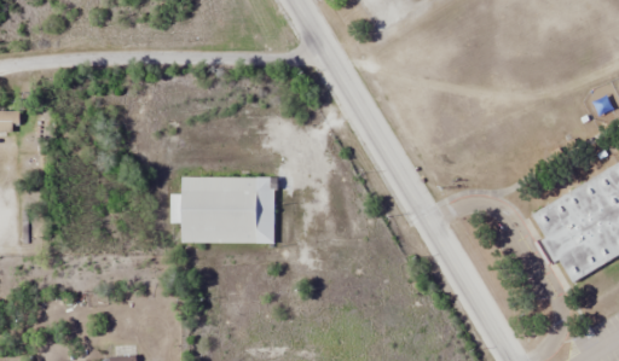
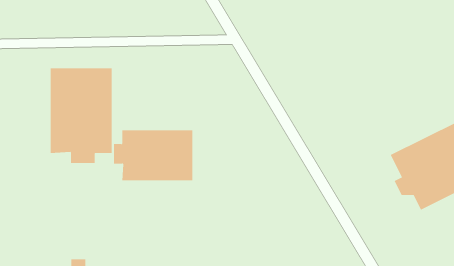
building: none -> [50,68,112,164]

